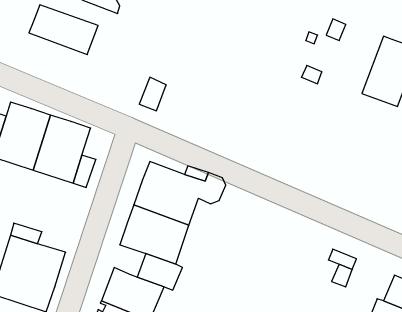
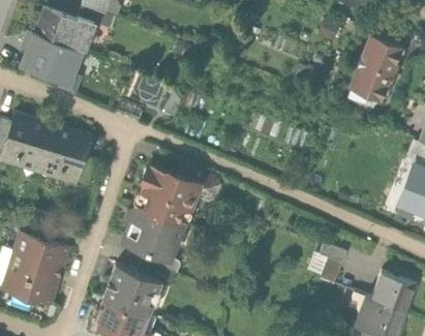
building: none -> [24,38,89,81]

